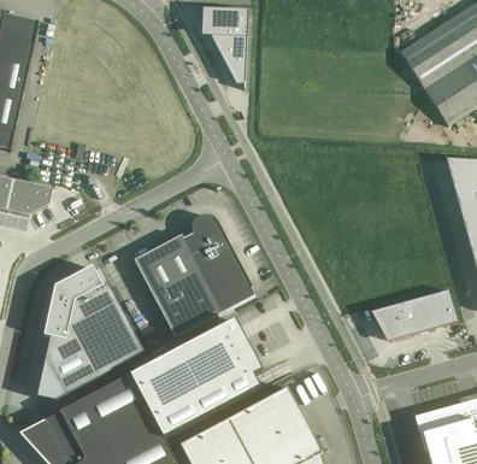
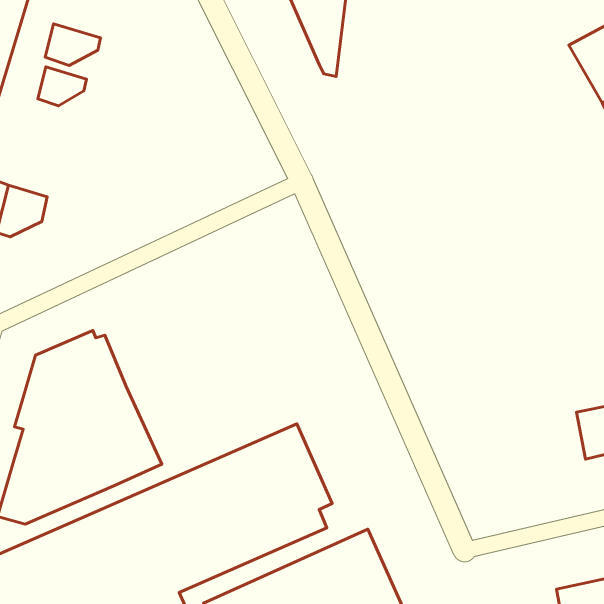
building: none -> [45,24,100,65]
building: none -> [38,67,86,106]
building: [134,215,254,337] -> none
building: [369,298,430,340] -> none

